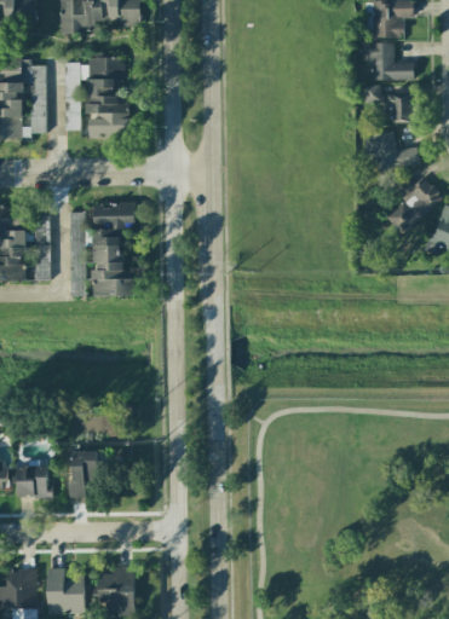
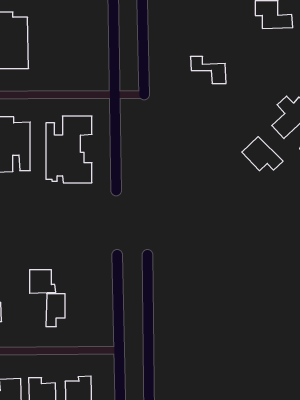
building: [64,57,131,138] -> none
building: [364,85,414,122] -> [190,57,226,83]
building: [374,131,420,170] -> none
building: none -> [242,137,283,171]
building: [18,465,54,498] -> [30,270,56,293]

